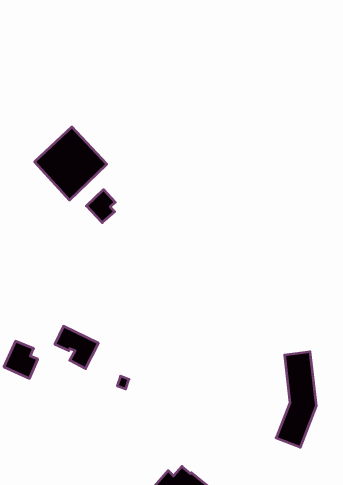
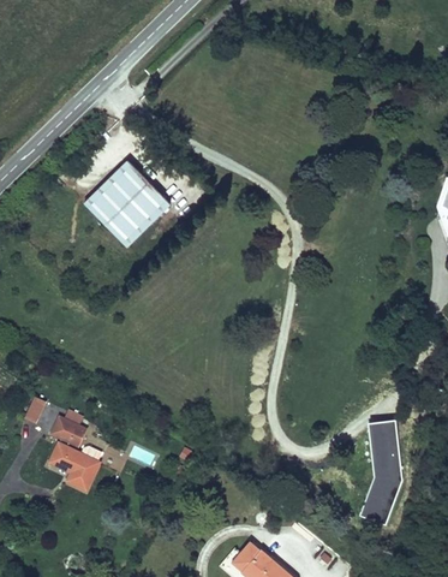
building: [86,190,115,223] -> none
building: [55,326,98,369] -> [55,446,104,494]

